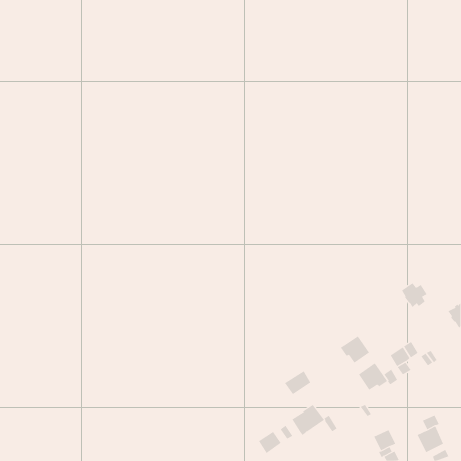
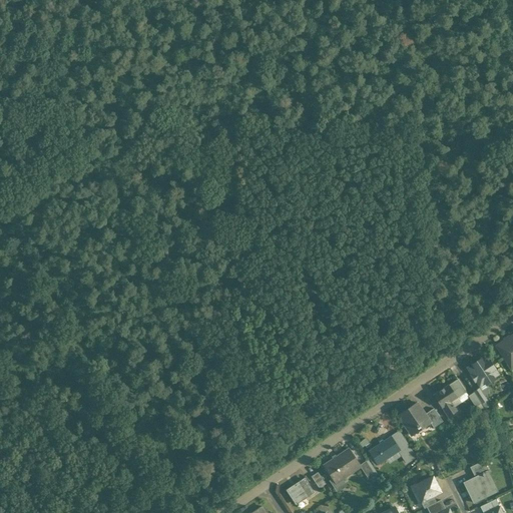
building: [401,283,427,308] -> [467,359,496,387]
building: [340,335,370,364] -> none
building: [284,371,311,395] -> [369,437,399,464]

